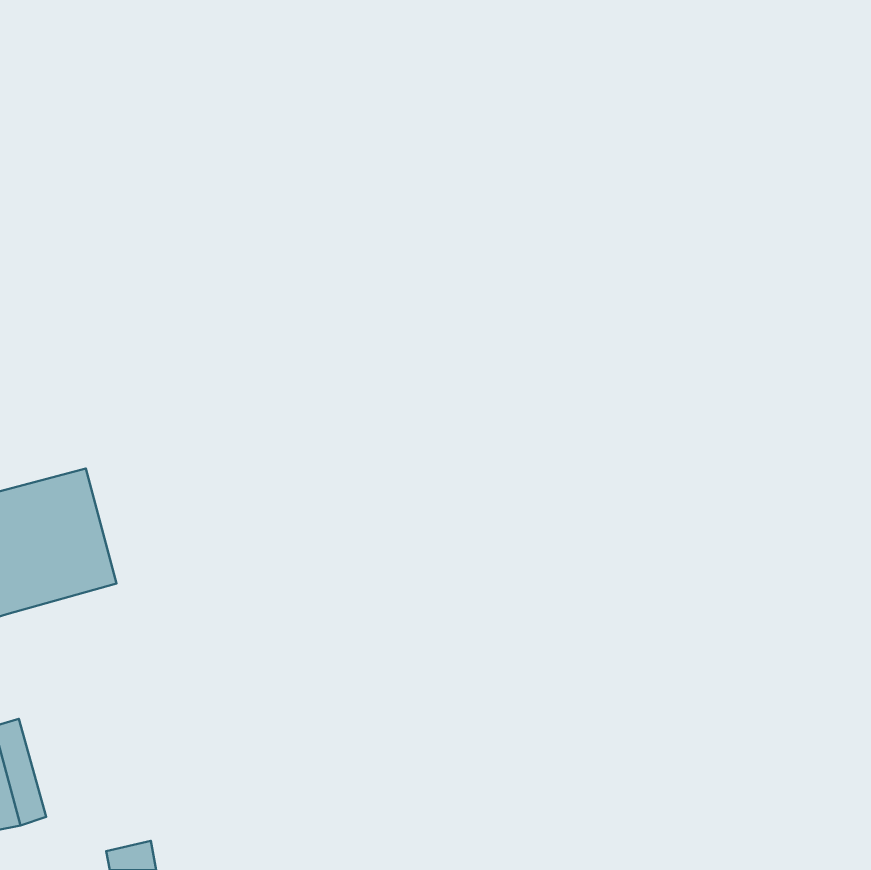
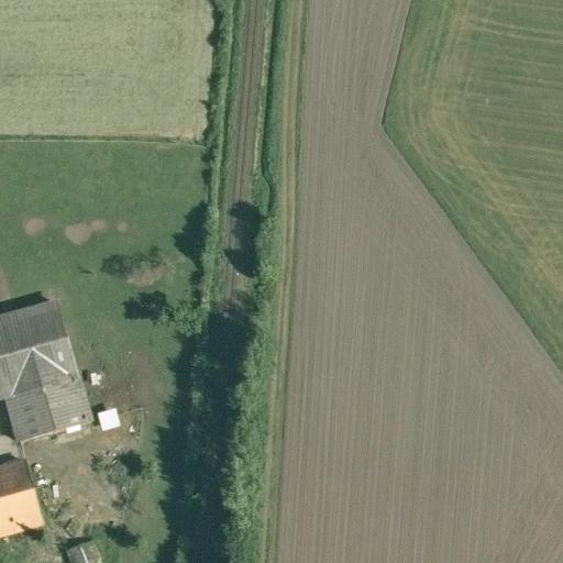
building: none -> [4,374,88,440]

